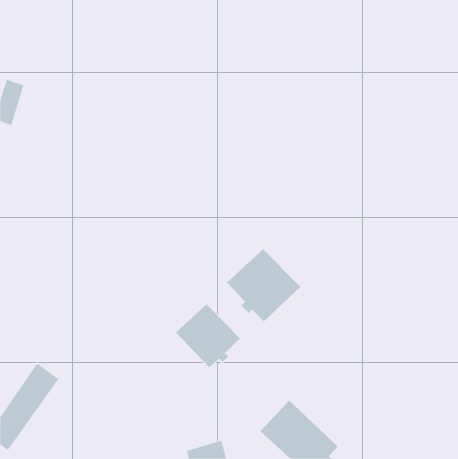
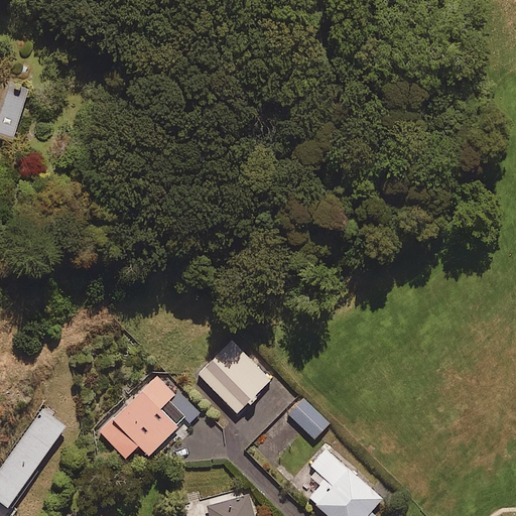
building: [226,248,301,322] -> none
building: none -> [99,374,201,457]
building: none -> [287,398,329,439]

